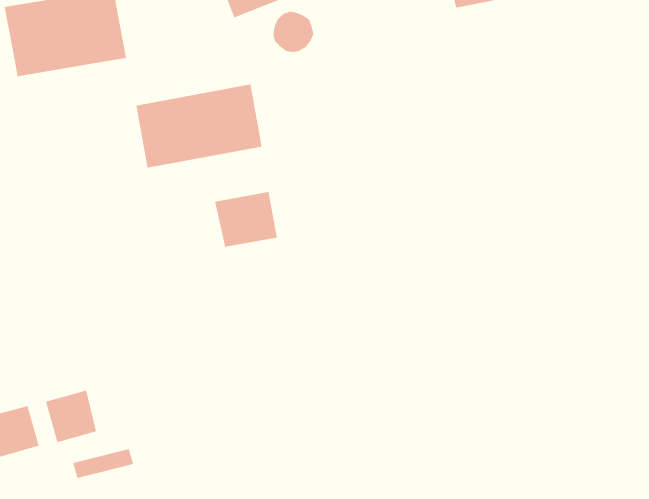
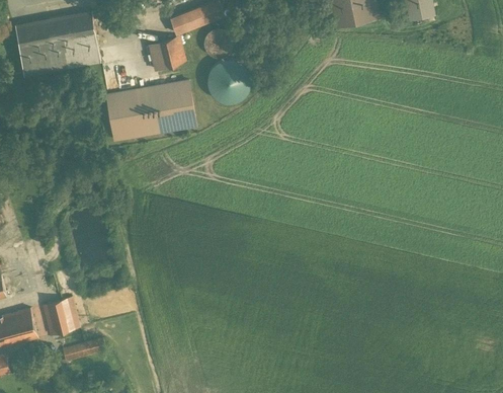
building: none -> [149,37,185,71]
building: none -> [207,60,250,103]
building: [214,191,278,247] -> none

